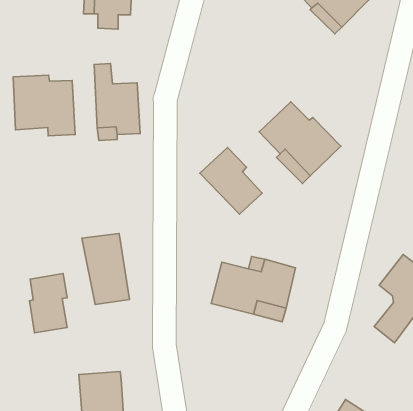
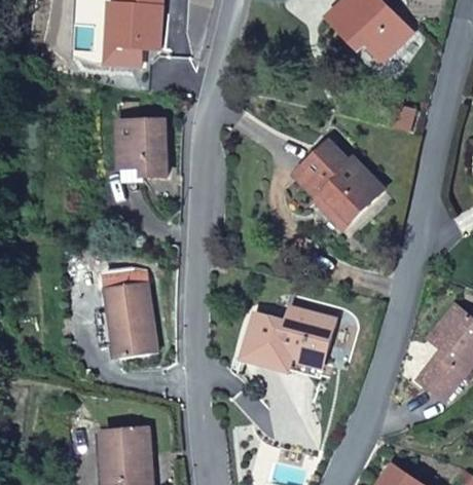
building: [13,75,75,136] -> none
building: [200,148,262,214] -> none
building: [30,273,67,333] -> none

